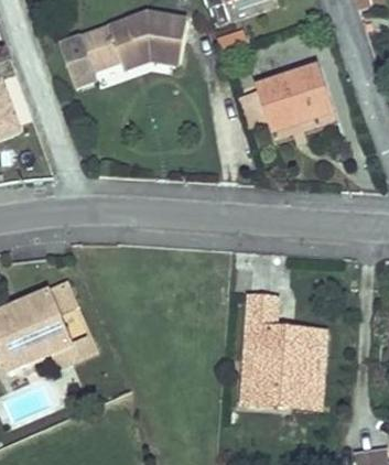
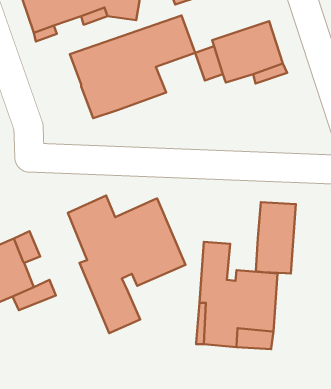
building: none -> [70,15,195,118]
building: none -> [68,195,186,333]
building: none -> [256,202,296,273]

